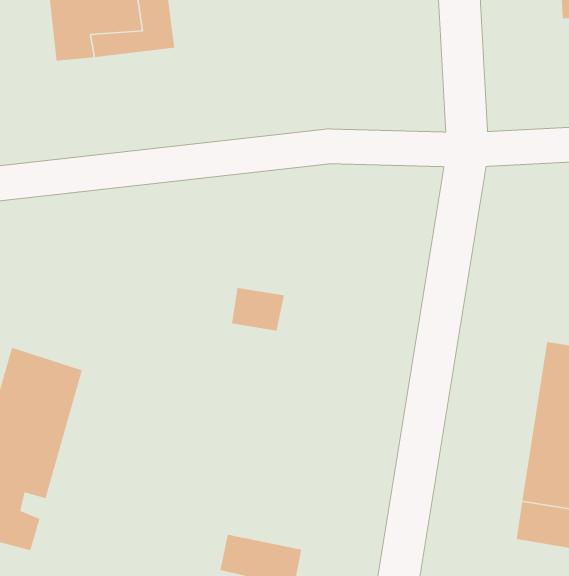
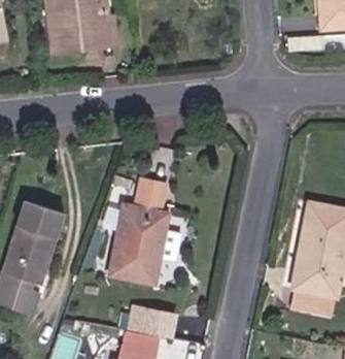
building: none -> [115,194,170,271]

